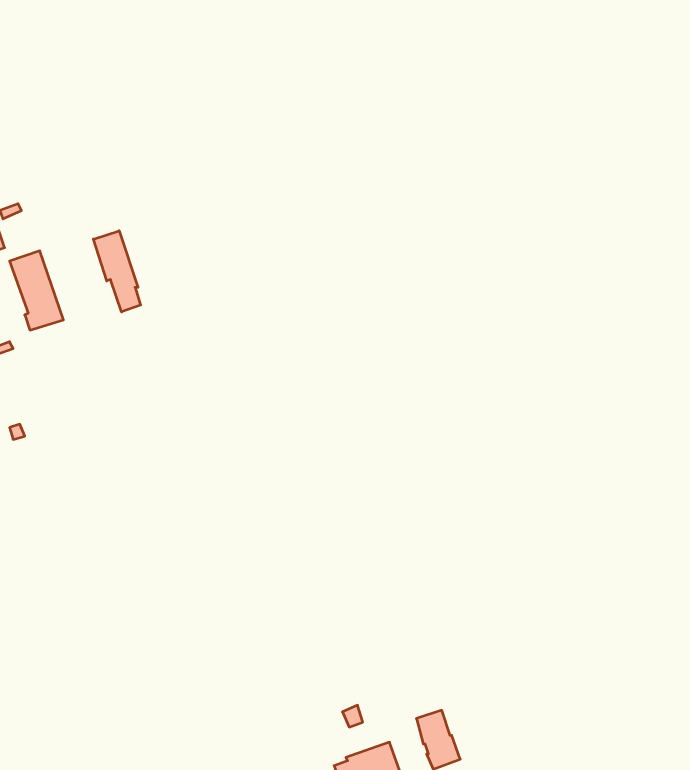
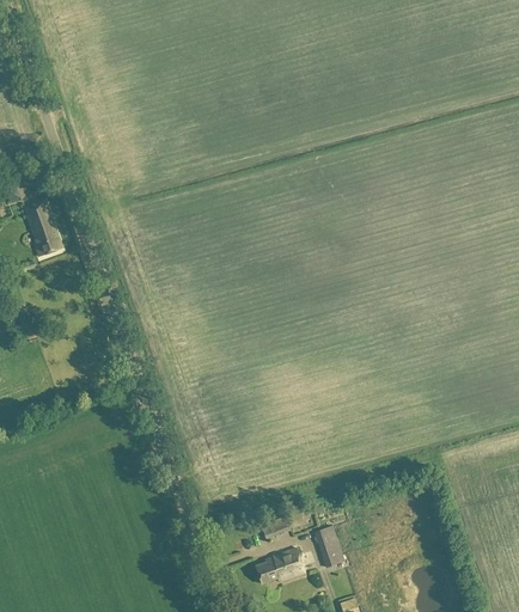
building: [93,231,141,312] -> none

